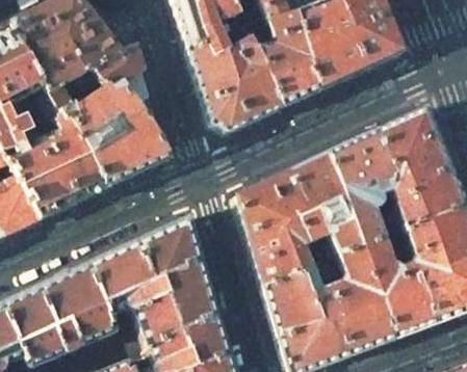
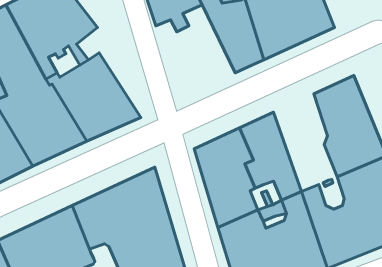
building: [189,24,284,131] -> none
building: [95,47,172,158] -> none
building: [330,130,394,246] -> none

